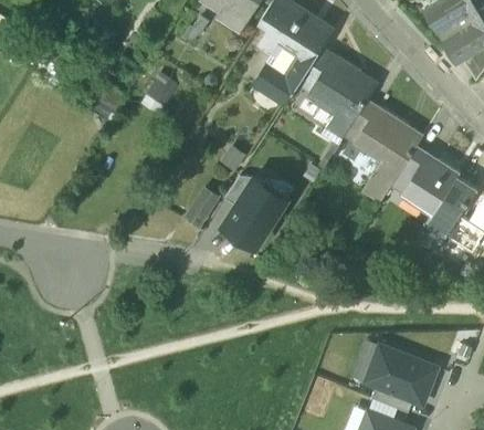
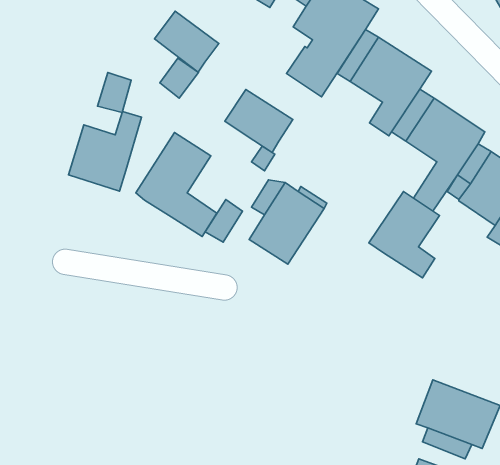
building: none -> [154,11,219,72]
building: none -> [225,89,293,152]
building: none -> [69,112,141,191]
building: none -> [136,133,217,236]
building: none -> [369,191,440,278]

